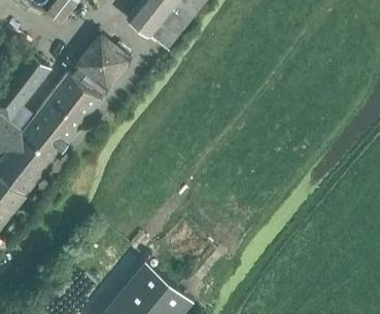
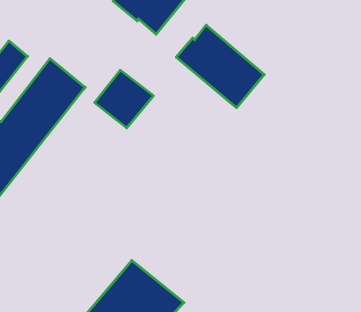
building: [76,34,131,88] -> [95,70,153,128]
building: none -> [176,25,264,108]

